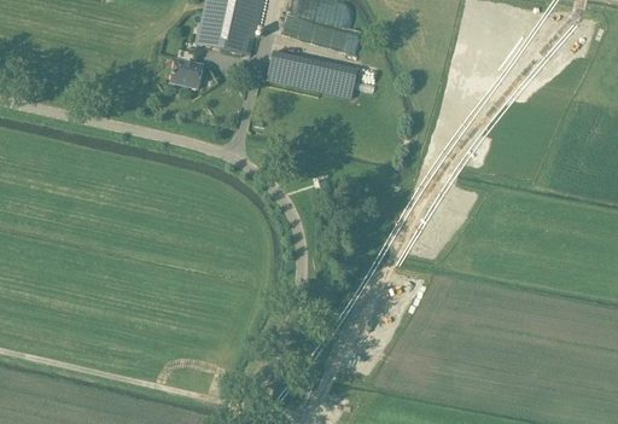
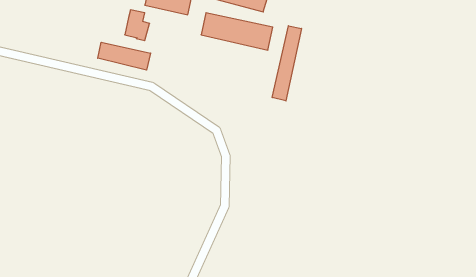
building: none -> [272,26,301,101]
building: none -> [98,42,151,70]

